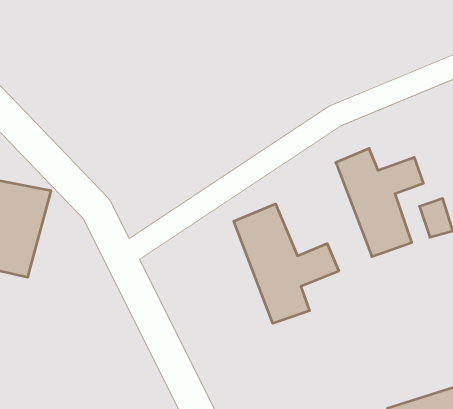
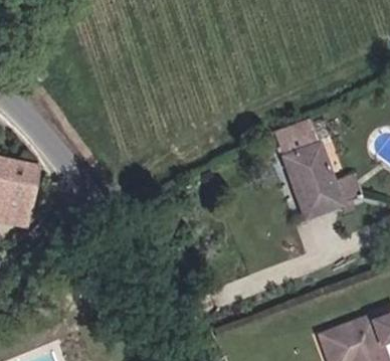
building: [234,204,339,323] -> none

